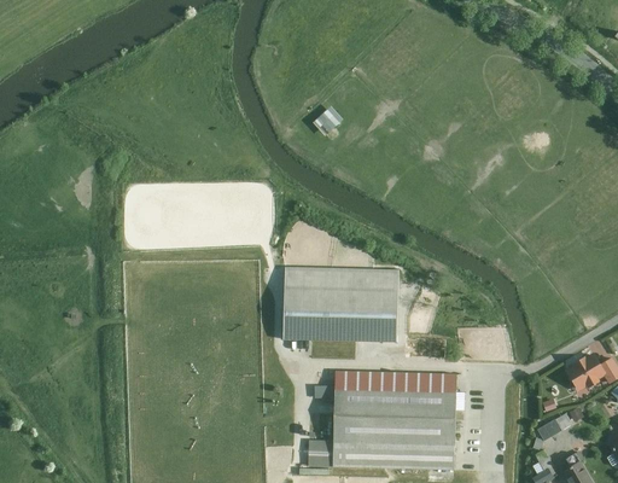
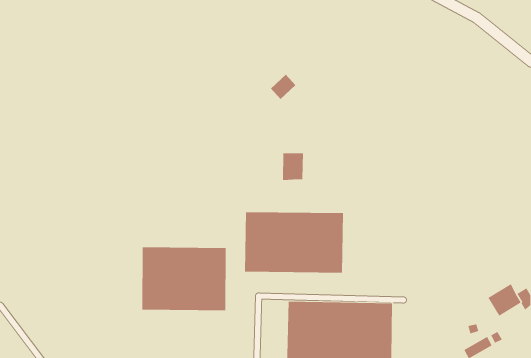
building: none -> [283,152,303,181]
building: none -> [142,247,226,311]

